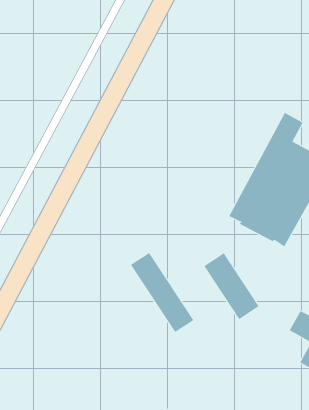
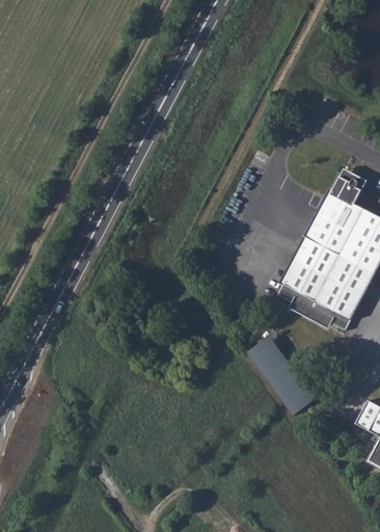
building: [130,252,194,333] -> none

